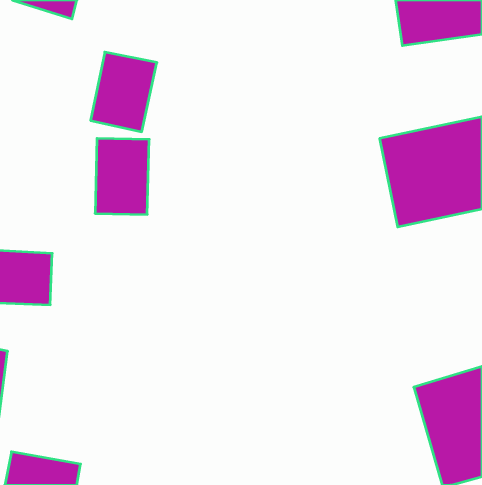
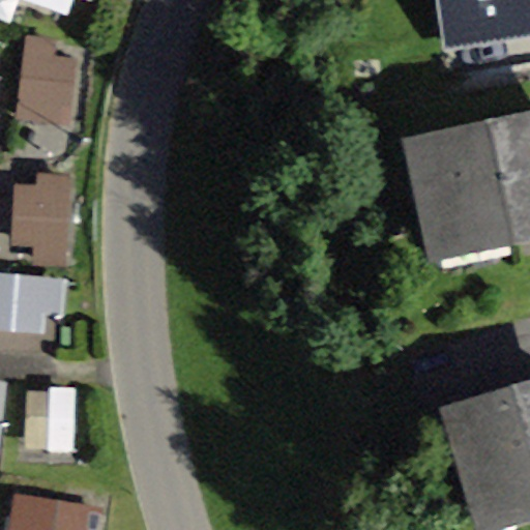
building: [91,52,157,132] -> [10,45,83,131]
building: [95,138,149,214] -> [11,180,70,263]
building: none -> [25,388,76,454]

